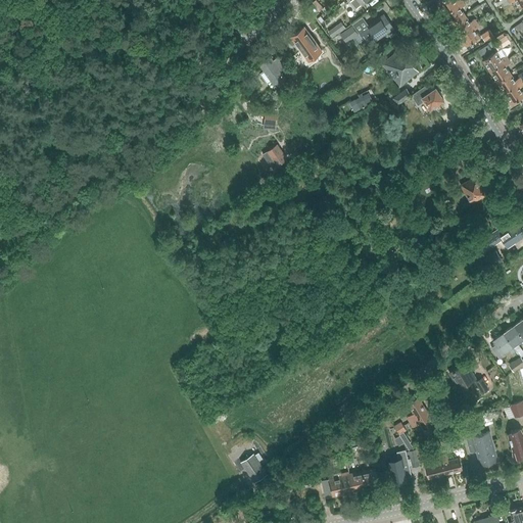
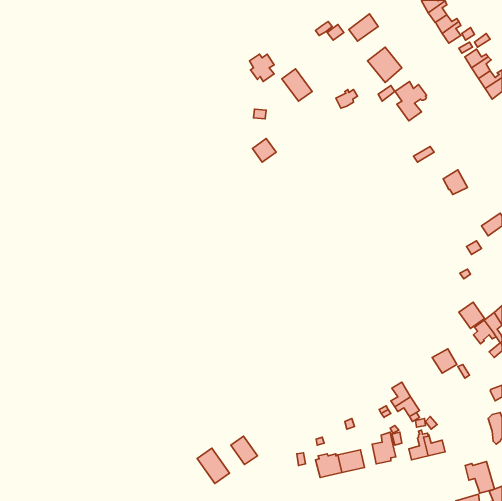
building: [290,27,322,60] -> [282,69,312,101]
building: none -> [459,302,485,329]
building: [466,433,496,466] -> [465,462,495,493]
building: none -> [197,448,229,484]

